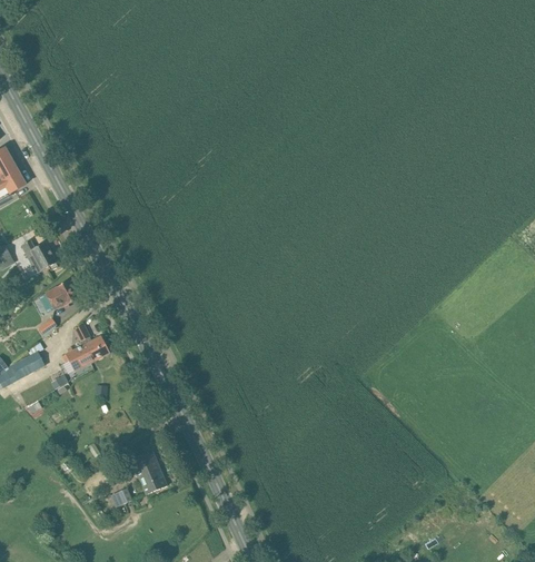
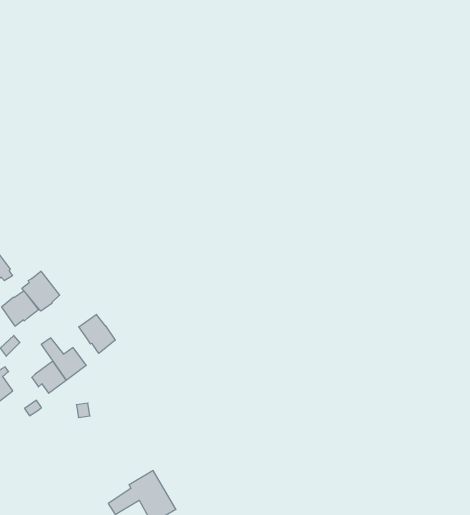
building: none -> [22,271,60,311]
building: none -> [79,314,115,353]

